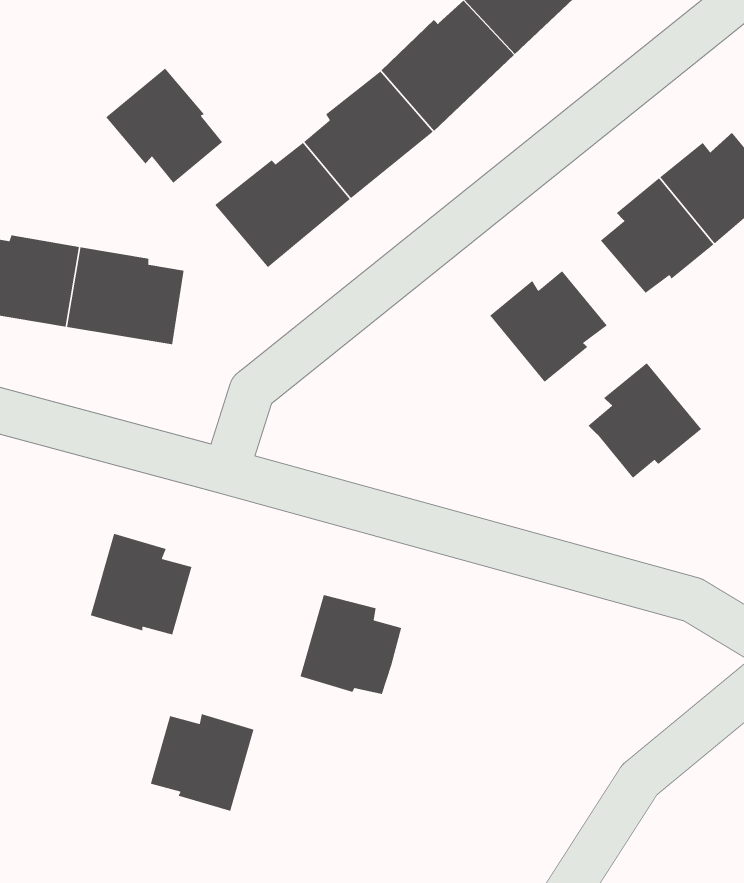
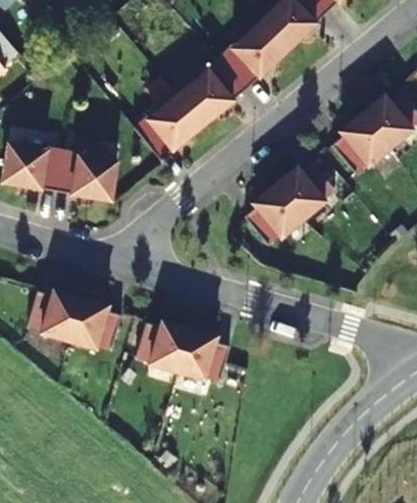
building: [105,67,223,184] -> none
building: [587,362,702,479] -> [244,185,303,245]
building: none -> [27,289,81,340]
building: [150,713,255,812] -> [135,320,189,371]

